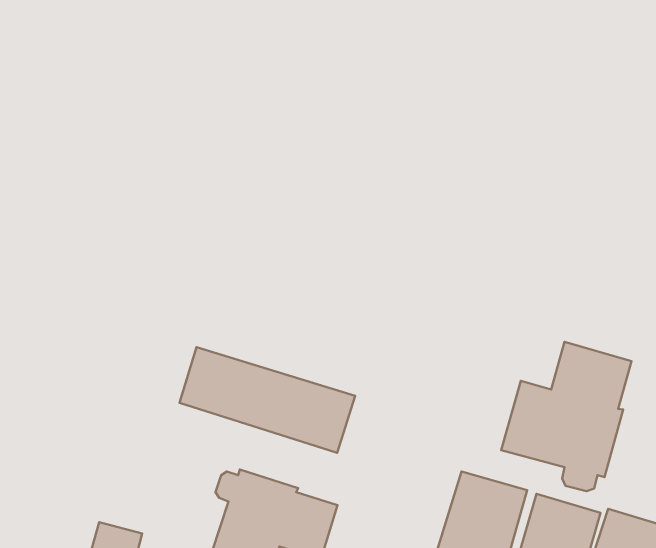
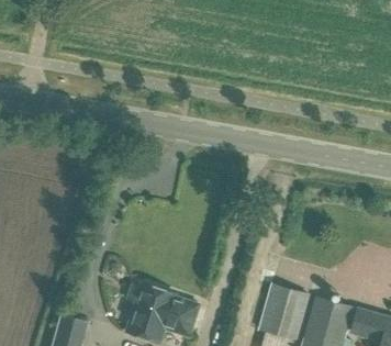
building: [501,342,631,491] -> none
building: [180,347,355,453] -> none

